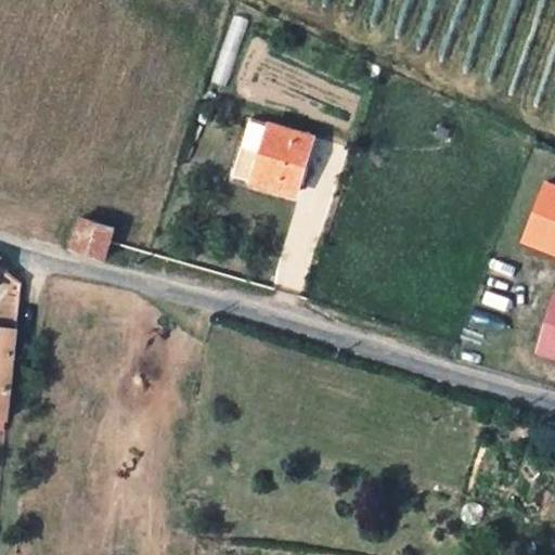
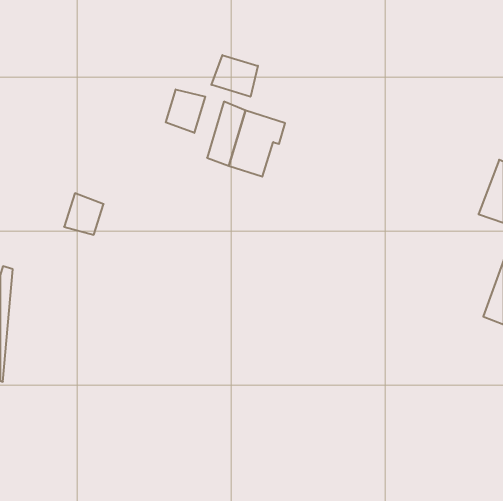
building: none -> [211,55,258,97]
building: none -> [166,89,205,133]

